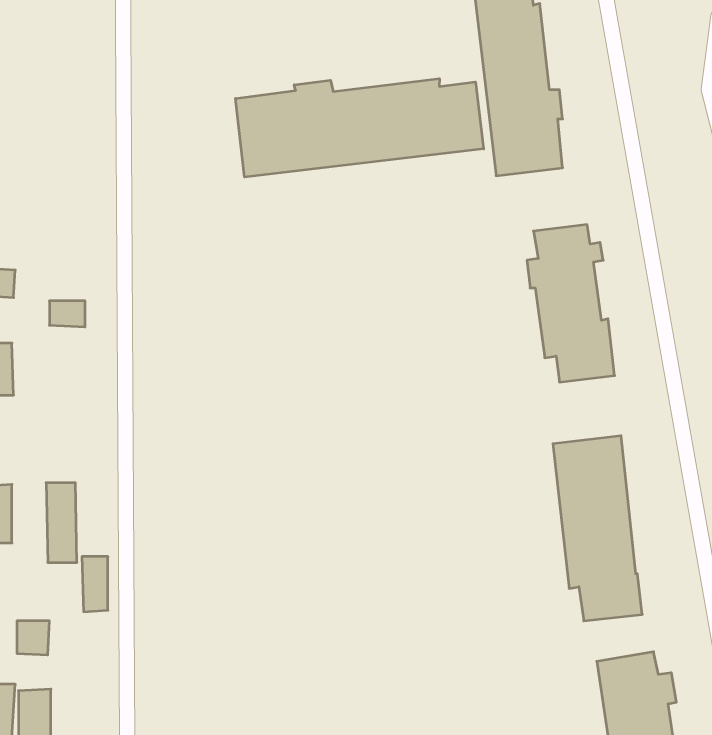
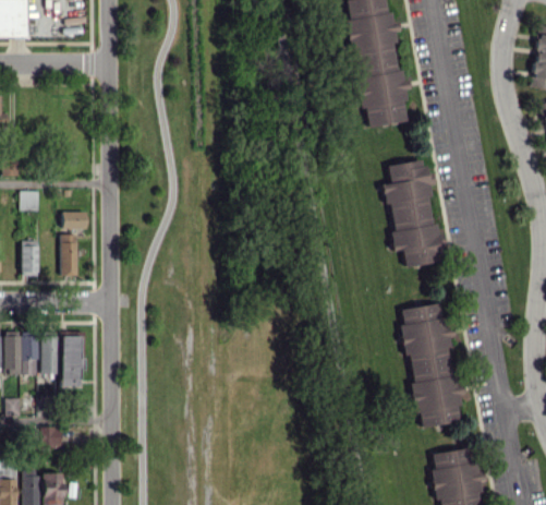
building: [236,79,484,177] -> none
building: none -> [61,235,80,276]
building: [82,557,108,612] -> [41,336,59,373]

